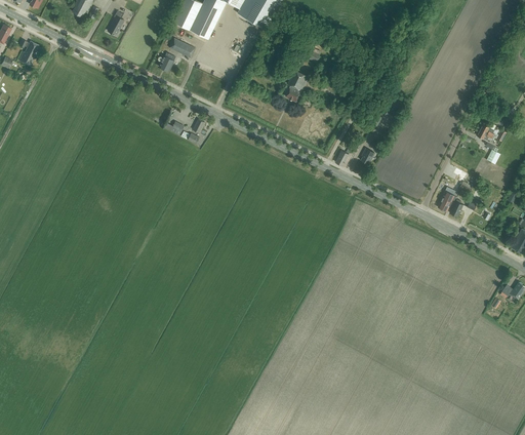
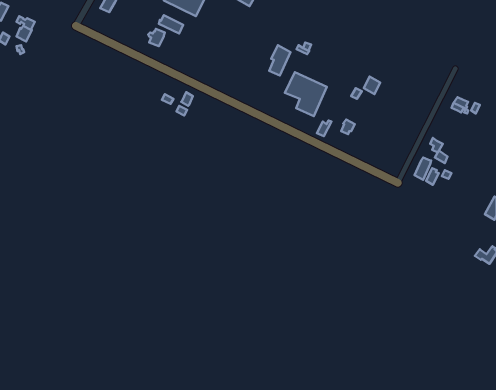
building: none -> [285,72,327,116]

